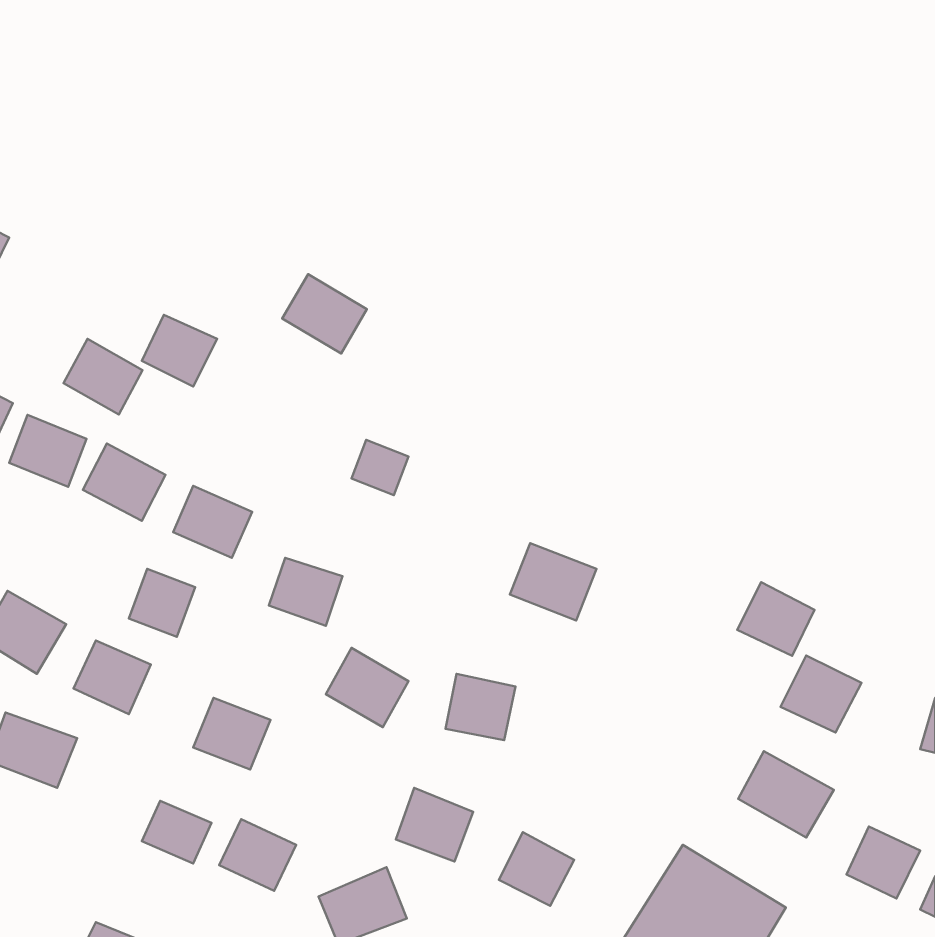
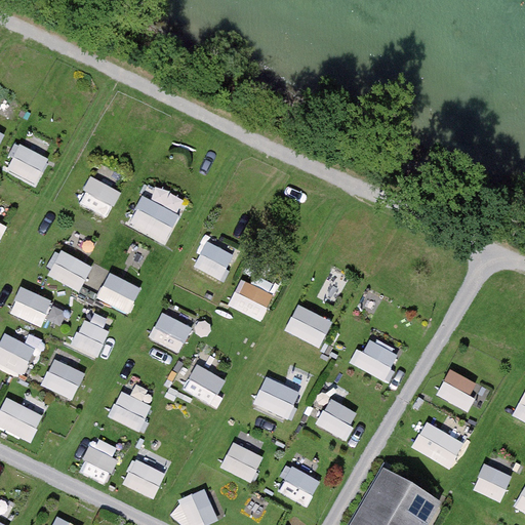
building: [282,274,367,353] -> [127,195,174,239]
building: [63,339,143,414] -> [5,143,49,185]
building: [9,415,87,487] -> [9,287,52,327]
building: none -> [228,279,274,321]
building: [737,582,814,656] -> [356,338,399,379]
building: none -> [315,397,359,440]

